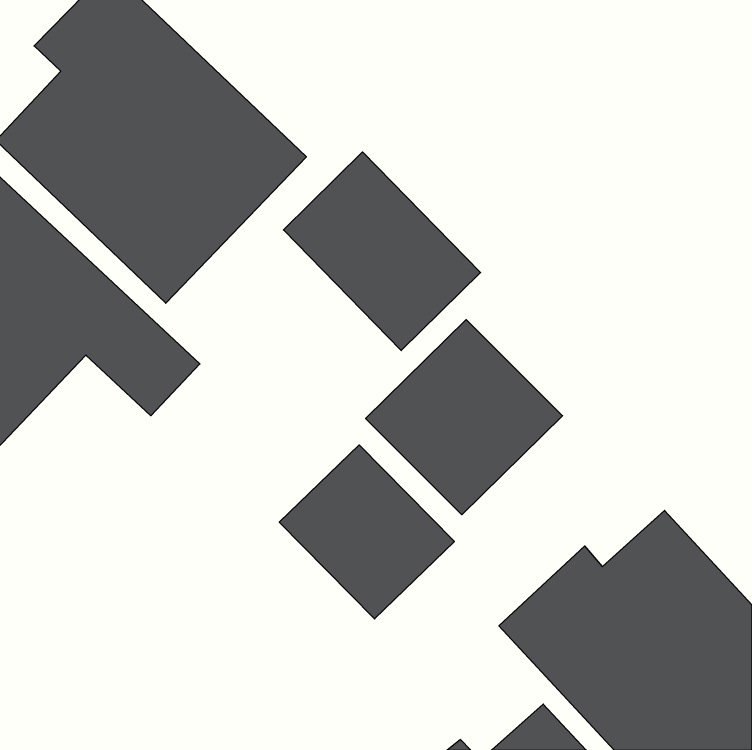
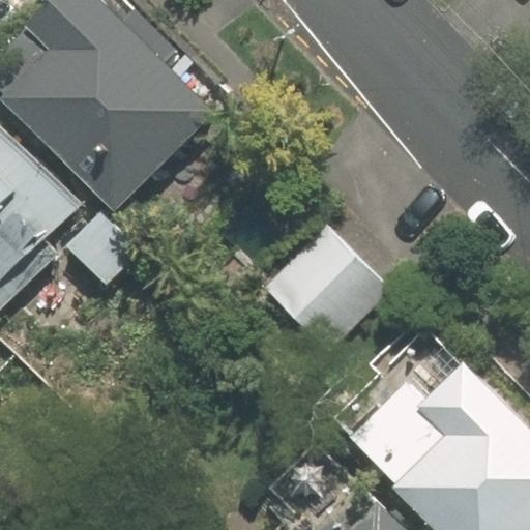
building: [283,152,481,351] -> none
building: [279,445,454,619] -> none

